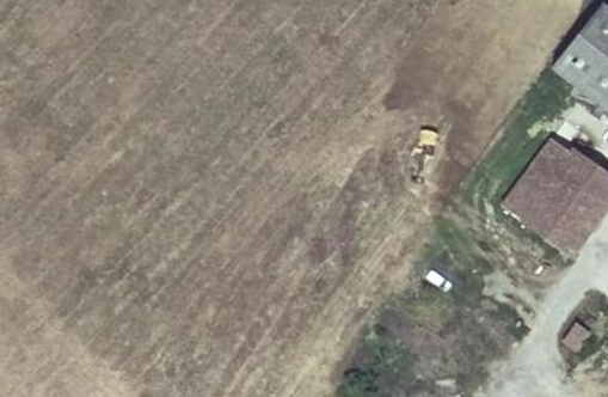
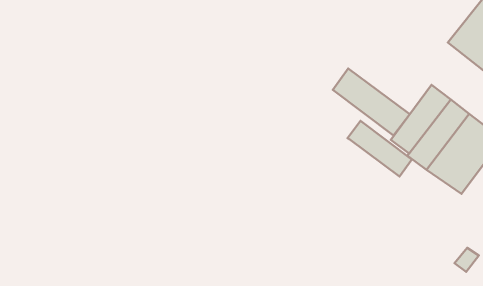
building: none -> [333,69,410,135]
building: none -> [347,121,412,176]

